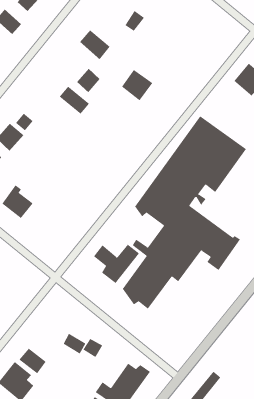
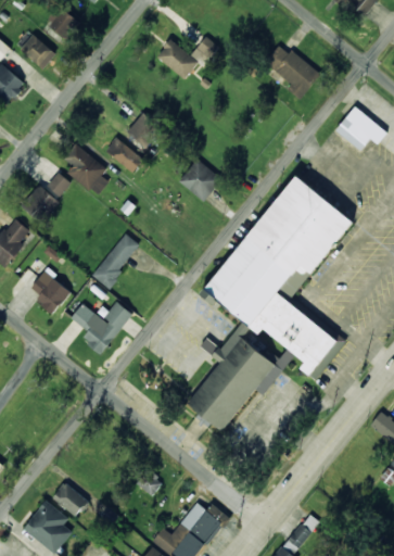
building: none -> [265,45,320,99]
building: [79,30,111,60] -> [156,39,198,79]
building: [121,69,153,101] -> [179,159,221,201]
building: none -> [63,144,107,193]
building: none -> [91,232,140,287]
building: [93,244,140,284] -> [71,301,132,354]
building: [63,333,86,355] -> none

